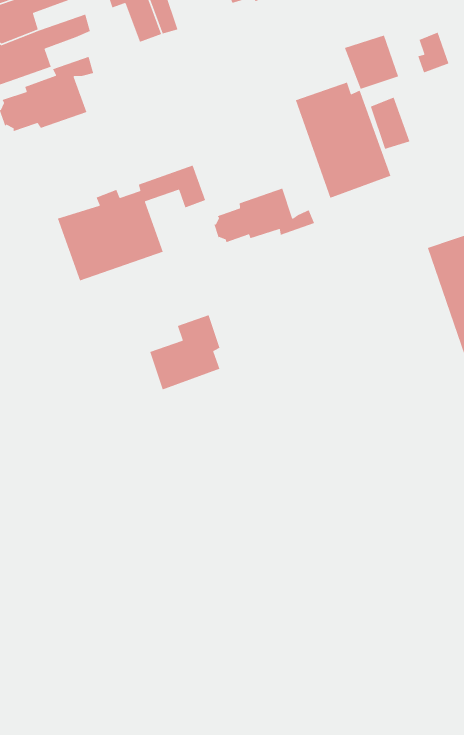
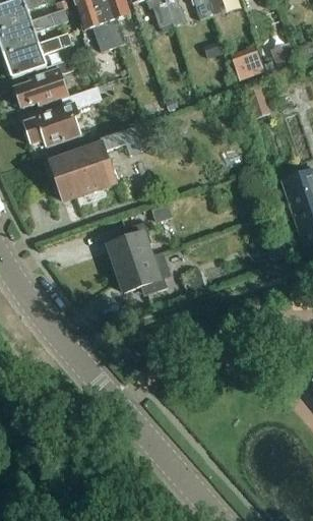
building: [295,82,392,199] -> none
building: none -> [23,85,102,147]
building: [213,187,315,243] -> none
building: none -> [116,255,168,294]

